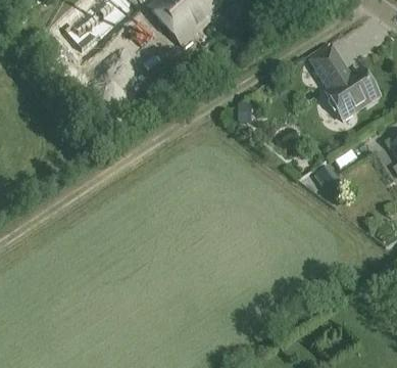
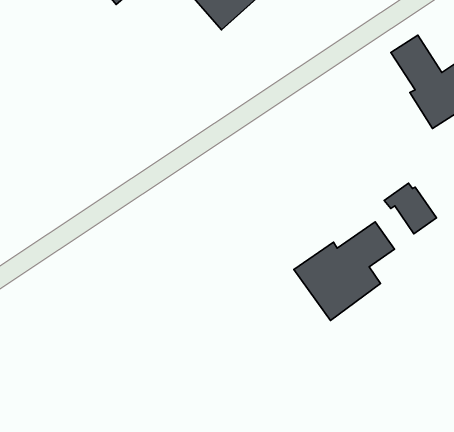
building: none -> [294,222,394,320]

